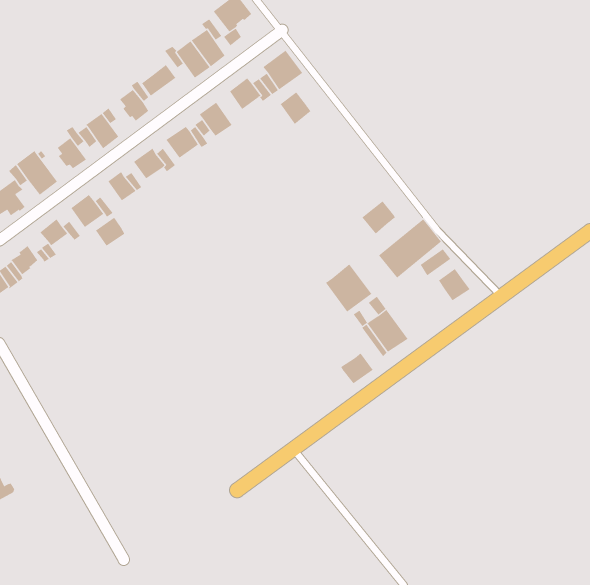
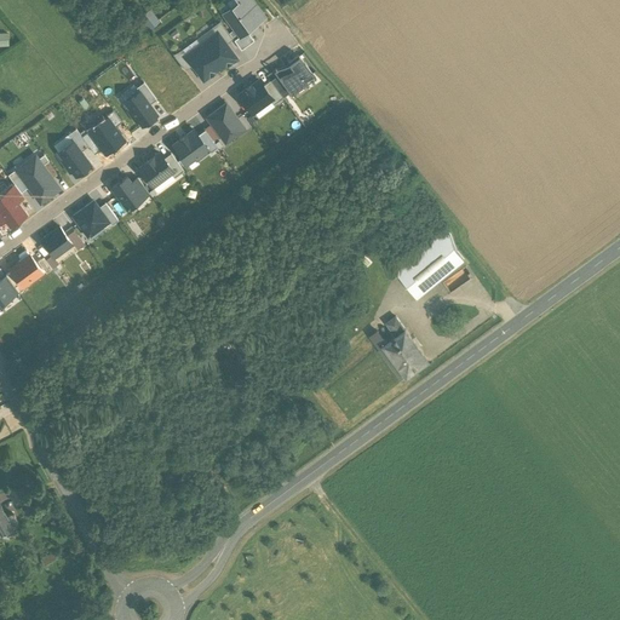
building: [142,64,176,96] -> none
building: [280,92,311,125] -> none
building: [361,201,396,234] -> none
building: [95,217,125,247] -> none
building: [325,264,372,312] -> none
building: [438,268,470,301] -> none
building: [341,353,373,384] -> none

